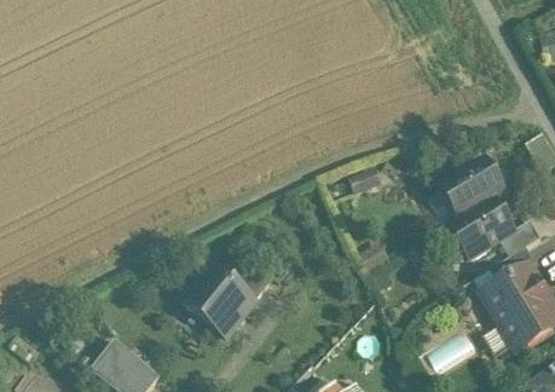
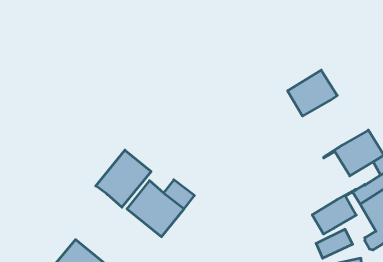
building: [441,160,505,219] -> [288,70,337,116]
building: none -> [96,150,151,207]
building: none -> [312,189,356,234]

